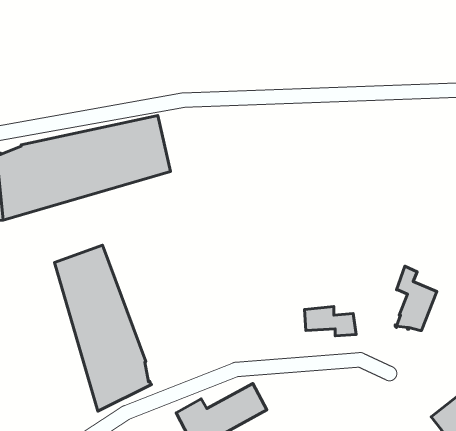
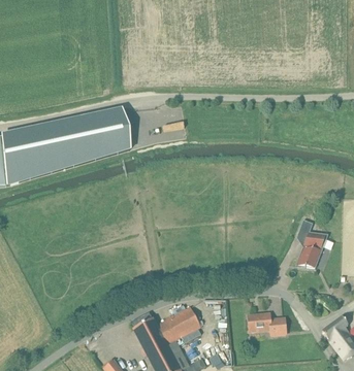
building: [55,245,152,411] -> none
building: [304,307,356,336] -> [249,312,287,334]

